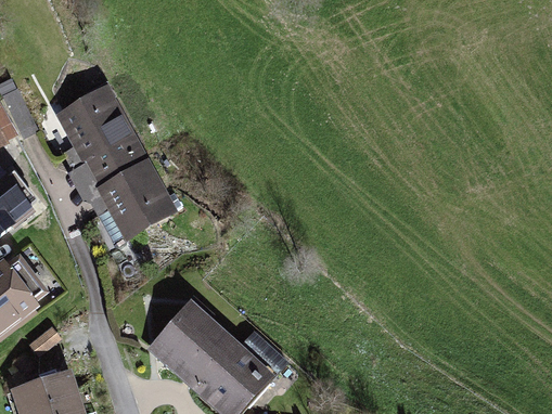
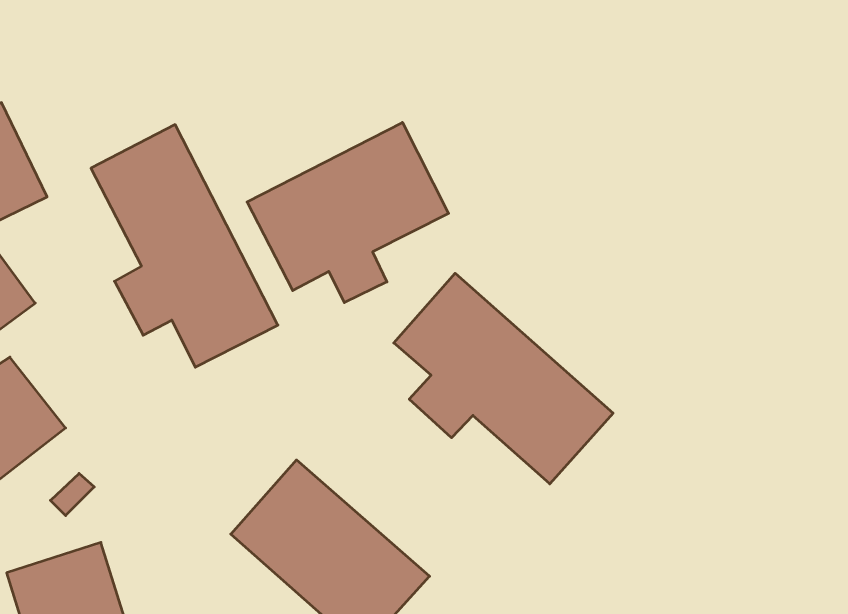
building: none -> [247,122,449,303]
building: none -> [394,273,613,484]

